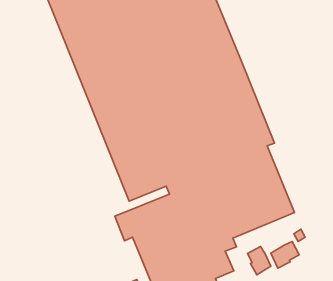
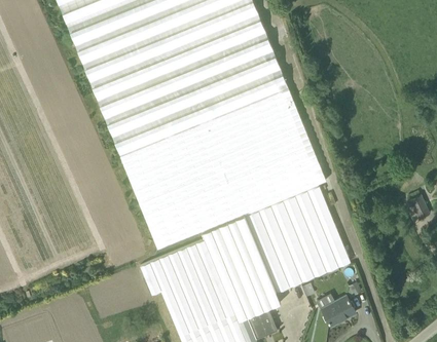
building: [247,246,271,275] -> none

